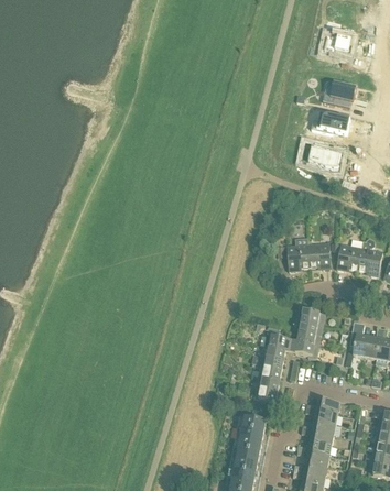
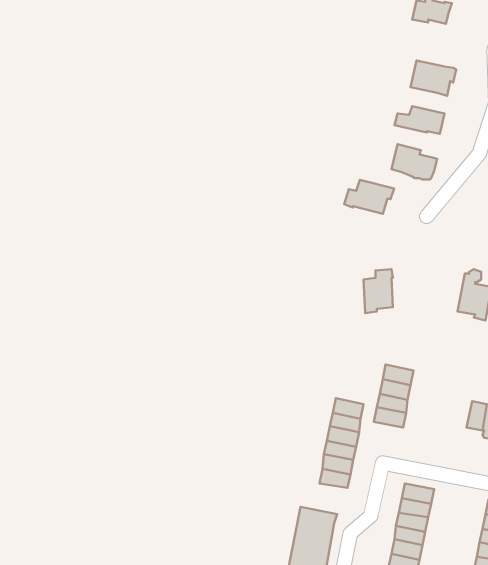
building: none -> [344,180,394,214]
building: [336,238,362,269] -> none
building: [307,242,331,268] -> none
building: [348,320,368,356] -> none

